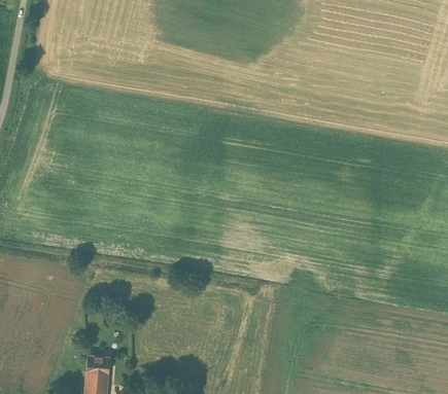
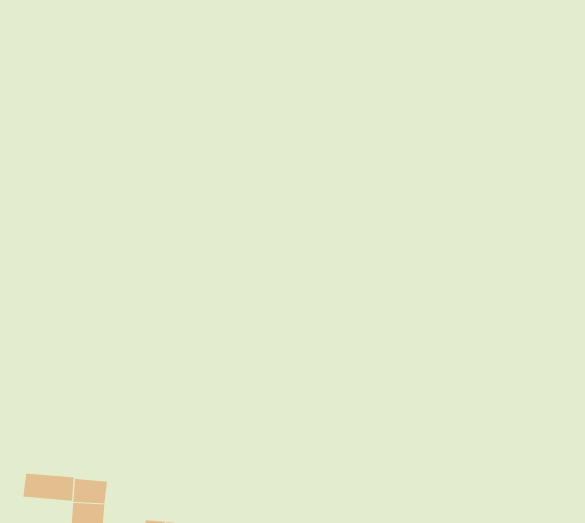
building: none -> [23,473,74,502]

